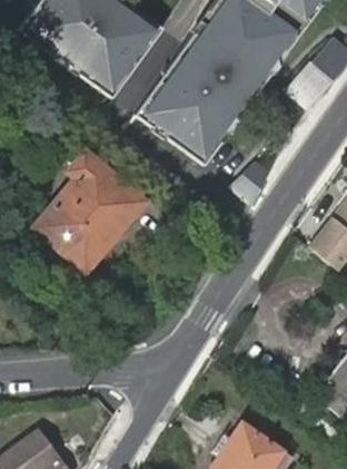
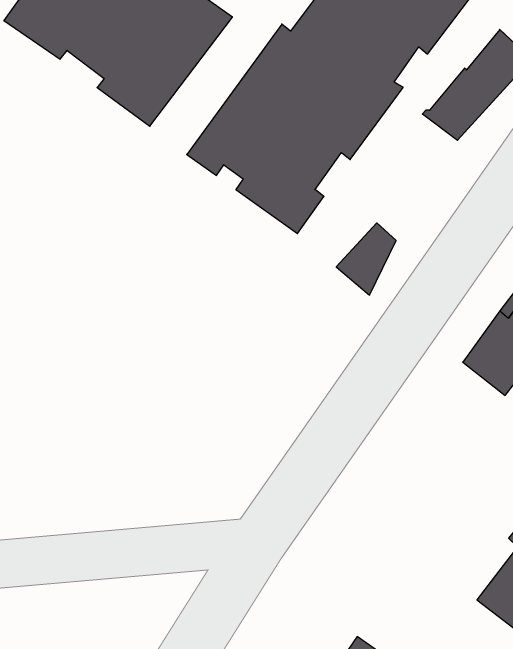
building: [34,150,143,273] -> none

